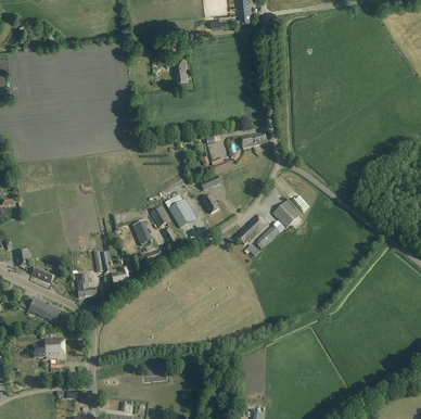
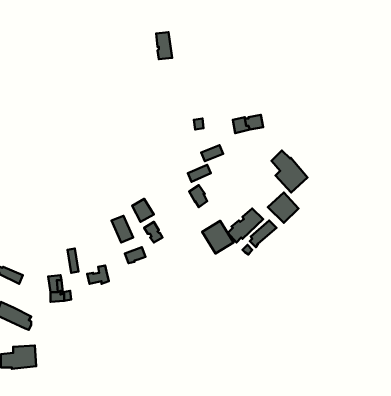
building: none -> [272,151,308,193]
building: [168,198,196,227] -> [202,221,234,254]

